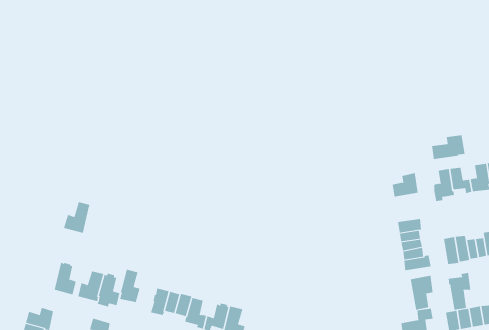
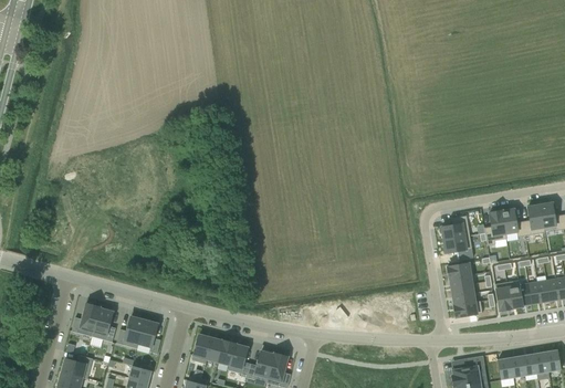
building: [432,134,465,160] -> none
building: none -> [443,235,472,259]
building: [63,202,91,234] -> [71,303,100,336]
building: [120,269,140,303] -> none
building: [448,272,471,311] -> none
building: [410,275,433,310] -> none

